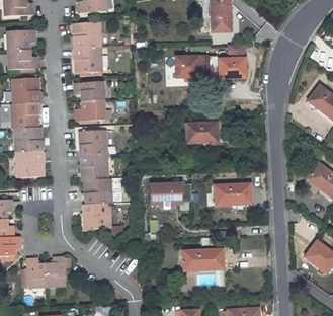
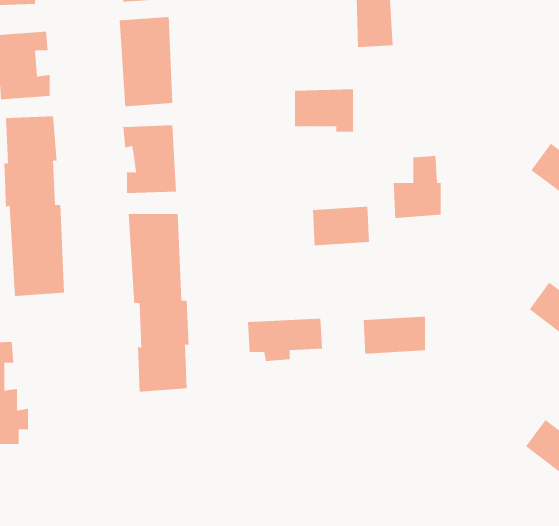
building: [218,44,245,79] -> [393,155,441,219]
building: [182,249,222,271] -> none
building: [33,258,73,288] -> none

